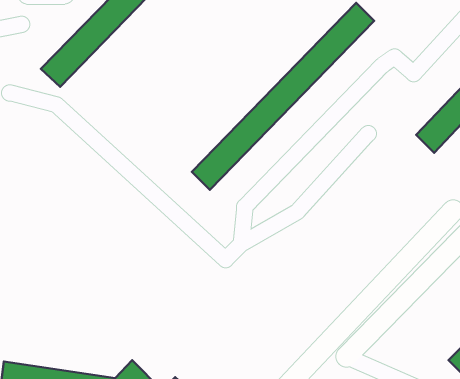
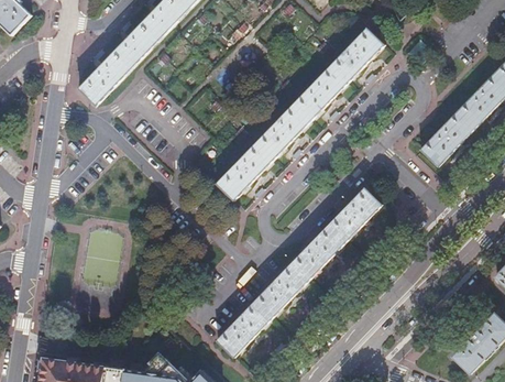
building: none -> [217,186,382,357]

